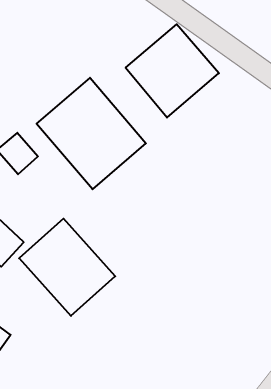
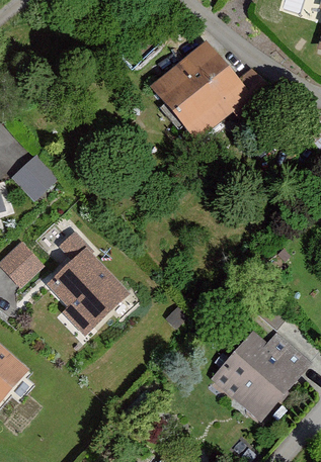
building: [37,78,146,189] -> none
building: none -> [212,332,302,422]

